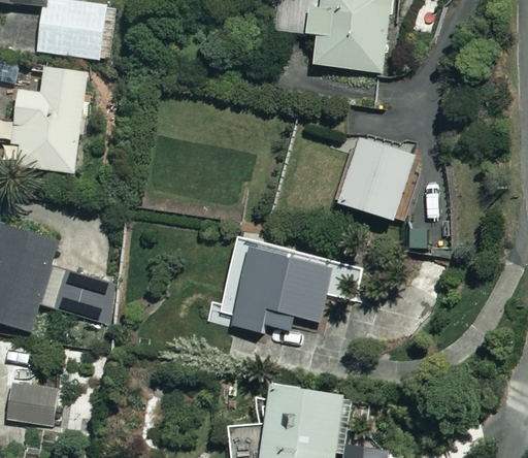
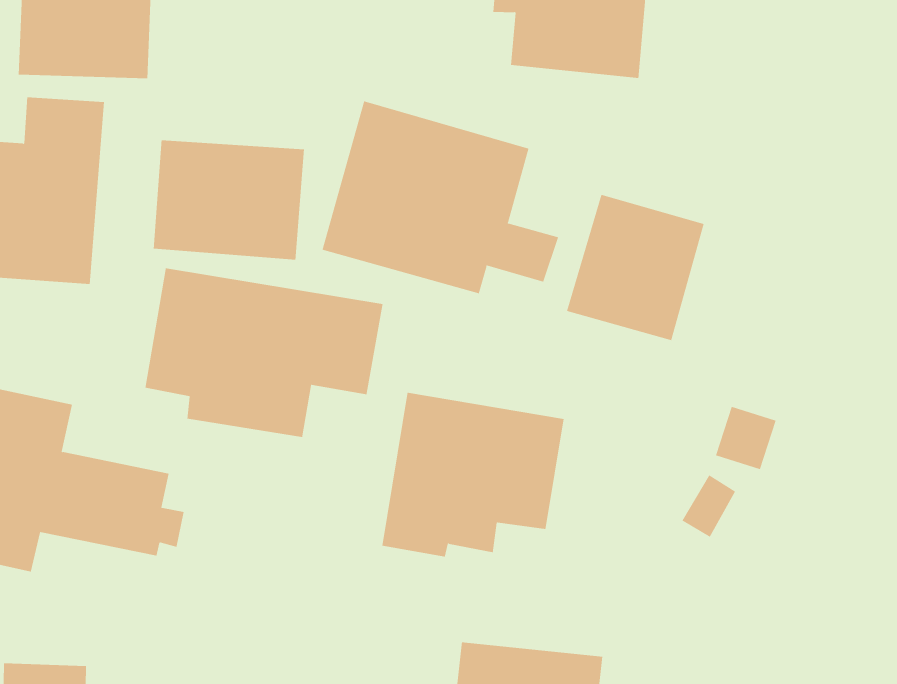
building: none -> [322,101,559,294]
building: none -> [153,139,305,260]
building: none -> [145,268,383,438]

